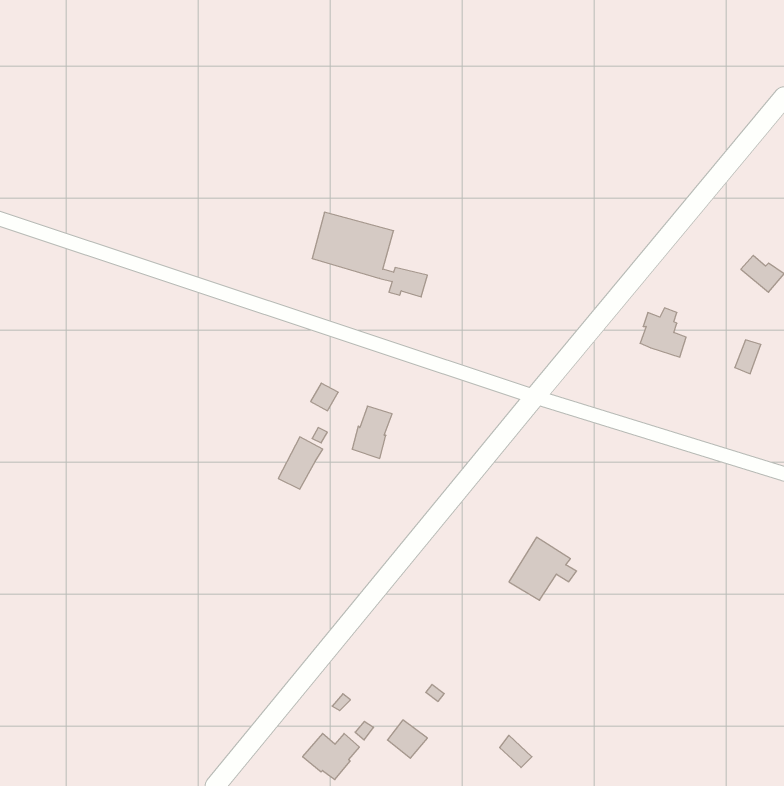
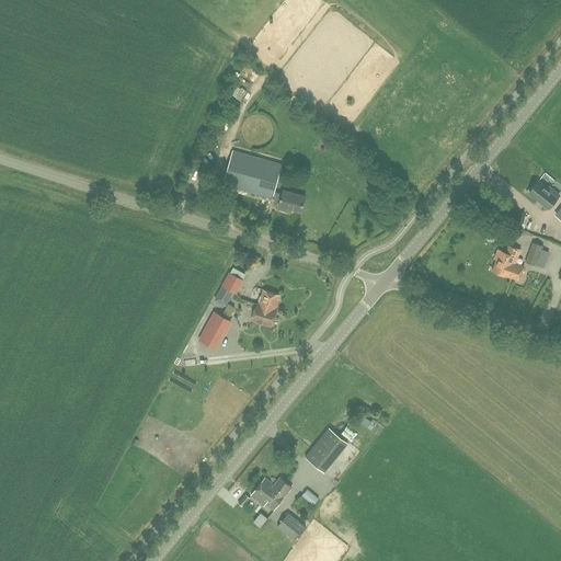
building: [640,308,686,357] -> [491,245,524,280]
building: [509,537,577,600] -> [307,425,355,470]
building: [303,733,359,780] -> [250,478,290,511]

